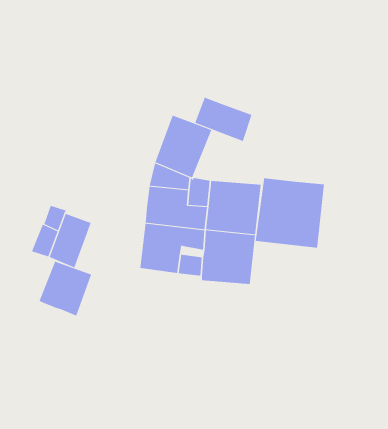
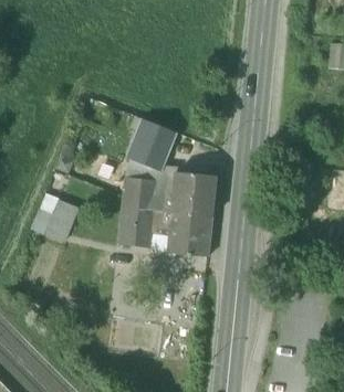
building: [195,97,252,142] -> none
building: [255,177,324,248] -> none
building: [39,261,92,316] -> none

